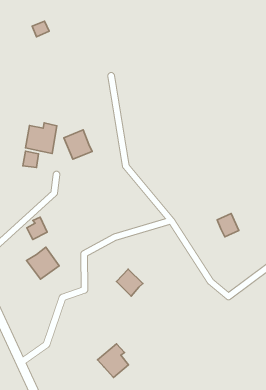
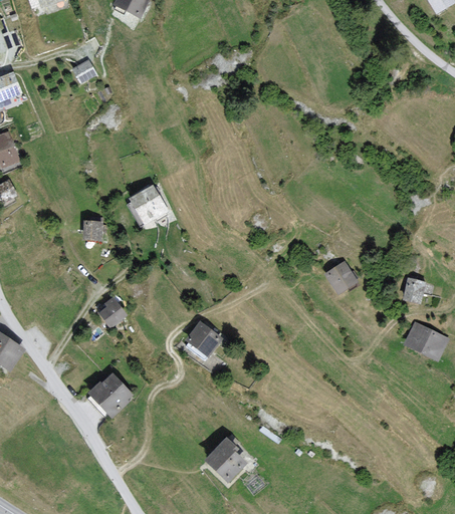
building: [25,123,57,153] -> none
building: [26,247,59,279] -> [89,374,130,414]
building: [116,269,143,296] -> [187,323,219,355]

